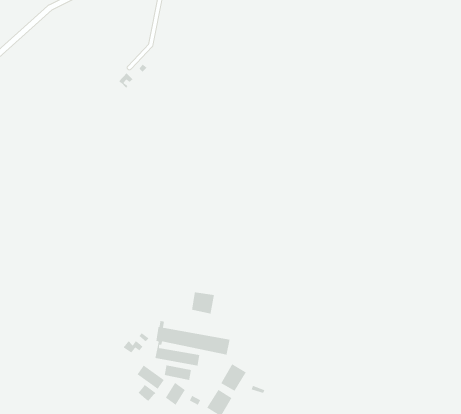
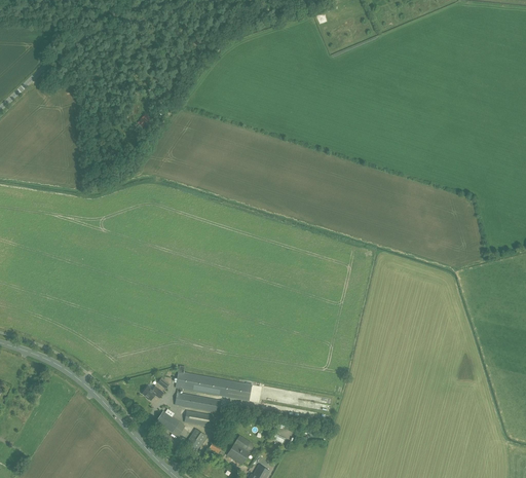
building: [191,291,215,314] -> none
building: [220,363,247,392] -> none

